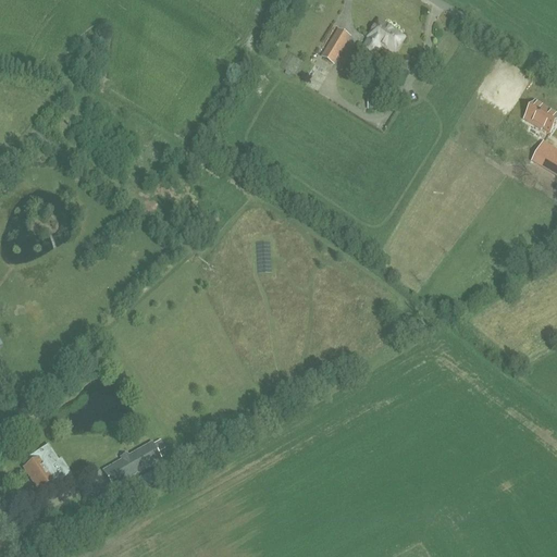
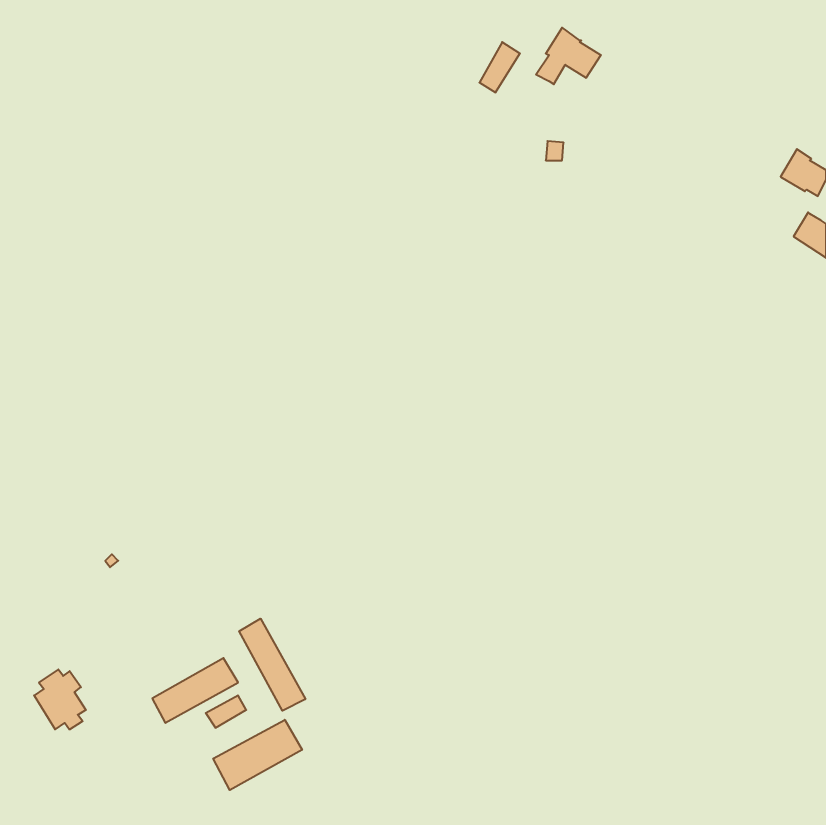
building: none -> [239,619,305,711]
building: none -> [213,720,302,790]

